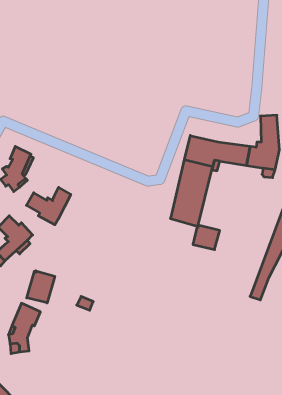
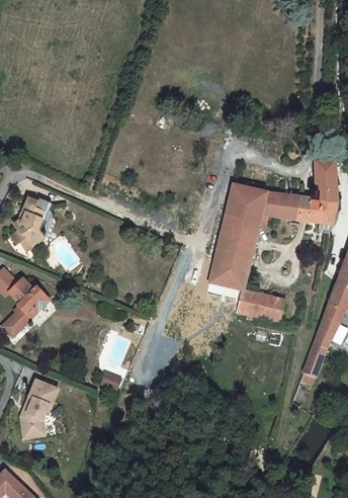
building: [26,187,71,225] -> none
building: none -> [262,295,285,321]
building: [27,271,55,303] -> none

